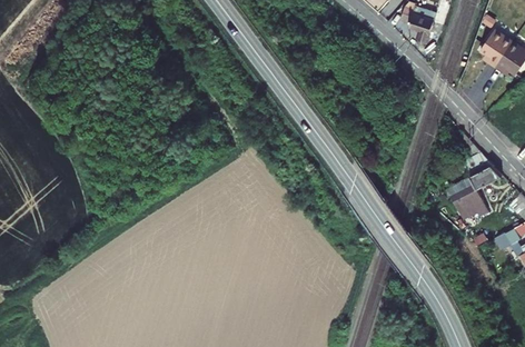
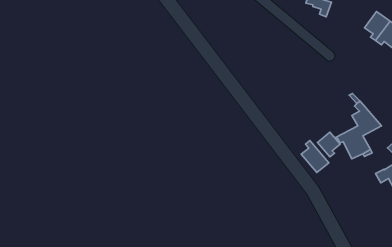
building: none -> [317,132,340,157]
building: none -> [301,141,329,172]

